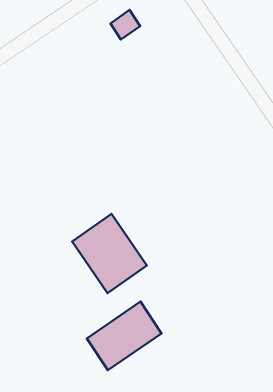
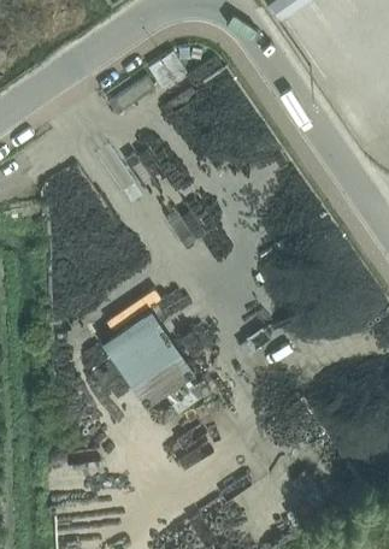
building: [87,301,162,370] -> none

